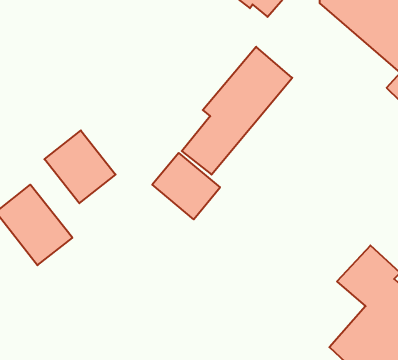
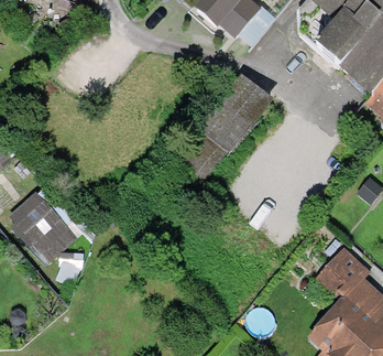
building: [44,130,116,203] -> none
building: [152,153,220,219] -> none

